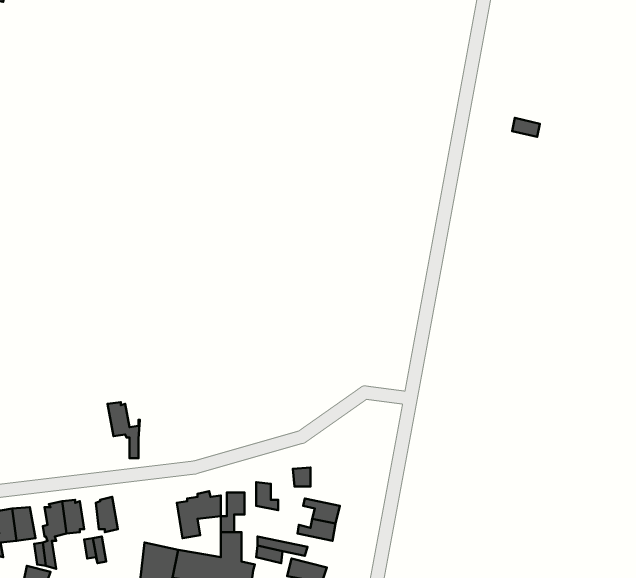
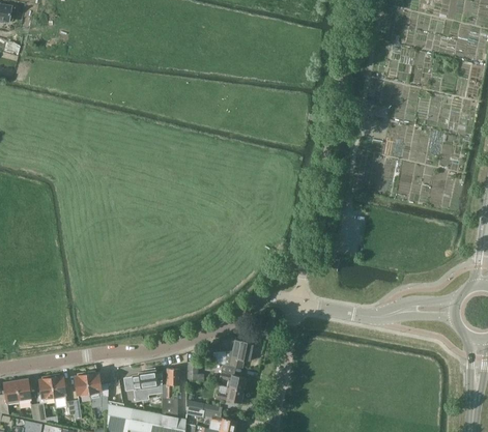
building: [108,402,140,458] -> [85,372,108,411]
building: none -> [229,342,253,369]

